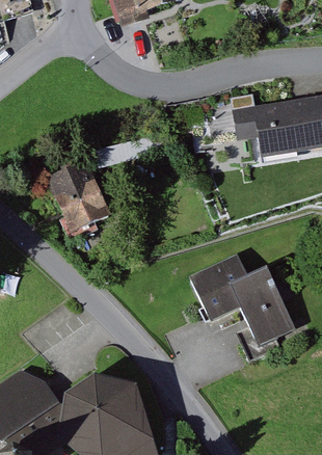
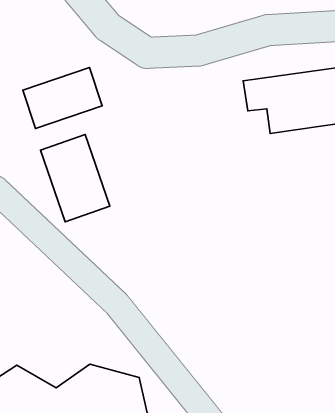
building: none -> [23,67,102,129]
building: [188,251,294,346] -> none

